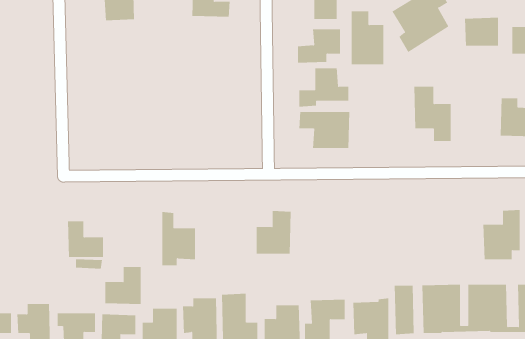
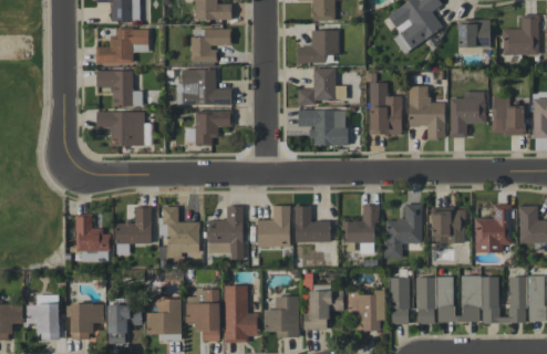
building: [351,11,384,65] -> [370,82,402,134]
building: none -> [96,28,148,64]
building: none -> [192,28,231,62]
building: none -> [177,69,233,105]
building: none -> [96,70,143,106]
building: none -> [450,91,485,137]
building: none -> [196,110,233,145]
building: none -> [96,111,144,145]
building: none -> [385,204,422,258]
building: none -> [342,205,376,253]
building: none -> [208,206,244,259]
building: none -> [295,206,331,242]
building: none -> [432,208,465,243]
building: [105,267,141,305] -> [116,207,152,243]

